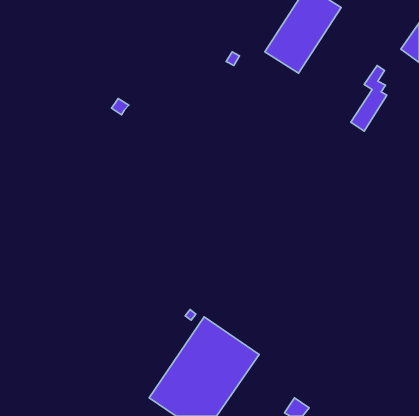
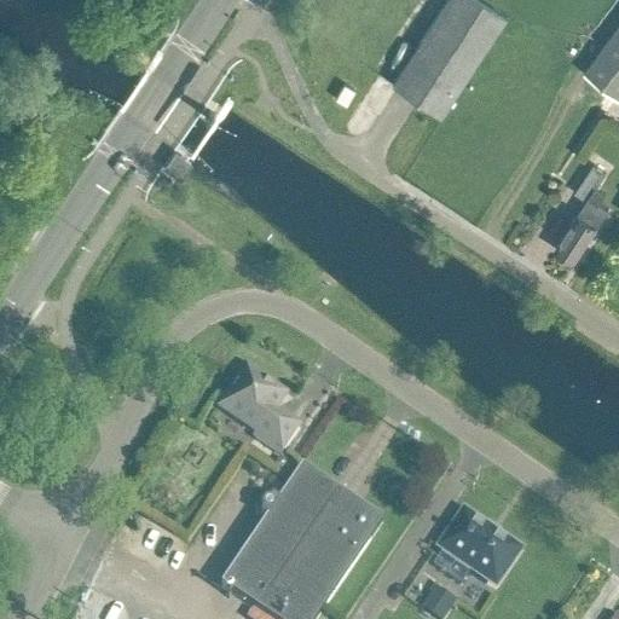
building: [351,66,387,131] -> [555,157,608,254]
building: none -> [219,364,297,455]
building: none -> [440,514,516,584]

